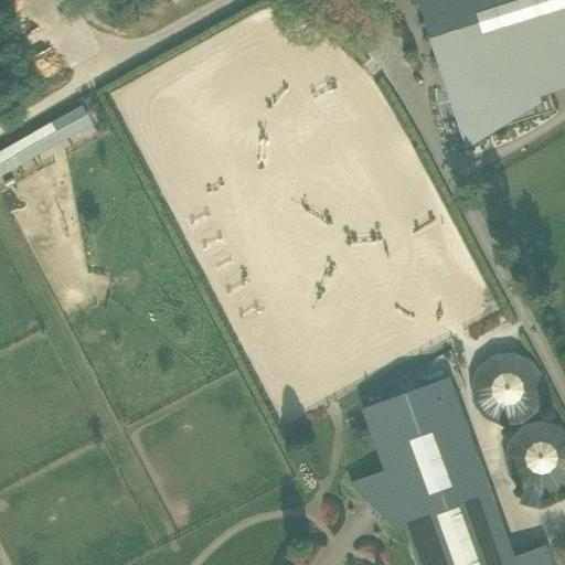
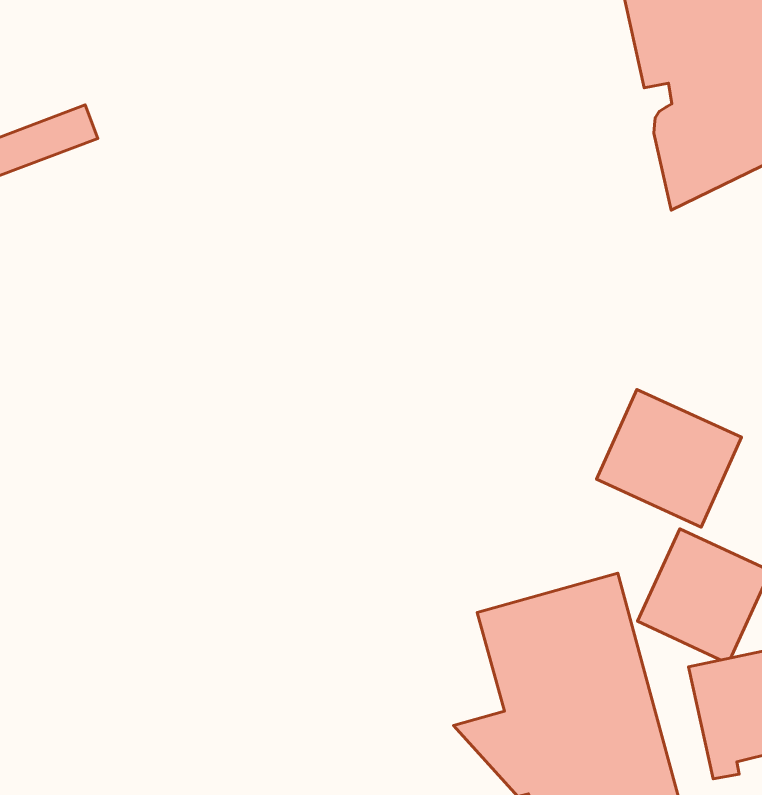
building: none -> [596,389,741,527]

